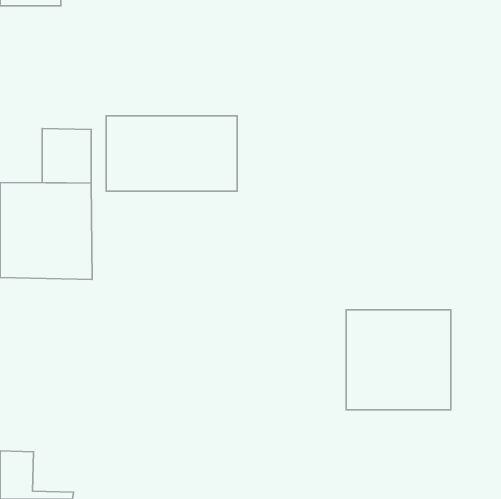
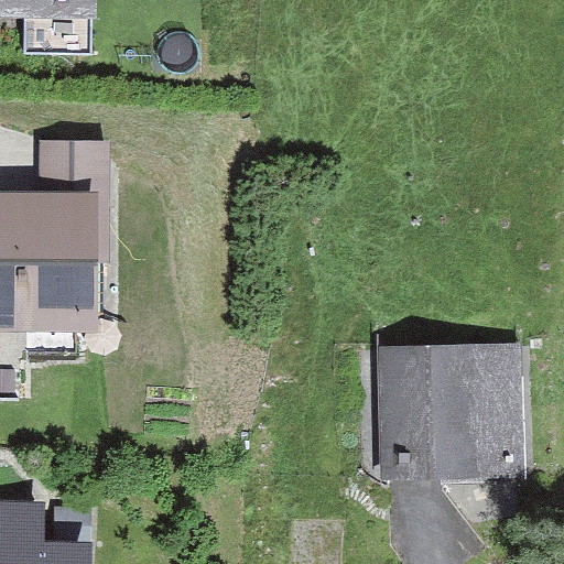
building: [106,116,237,191] -> none

